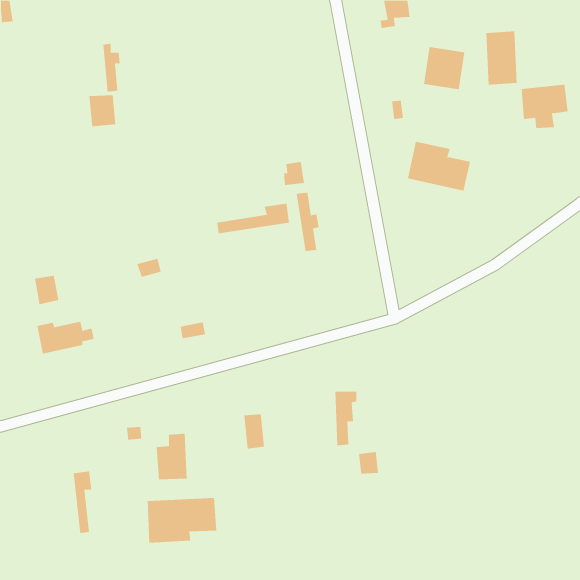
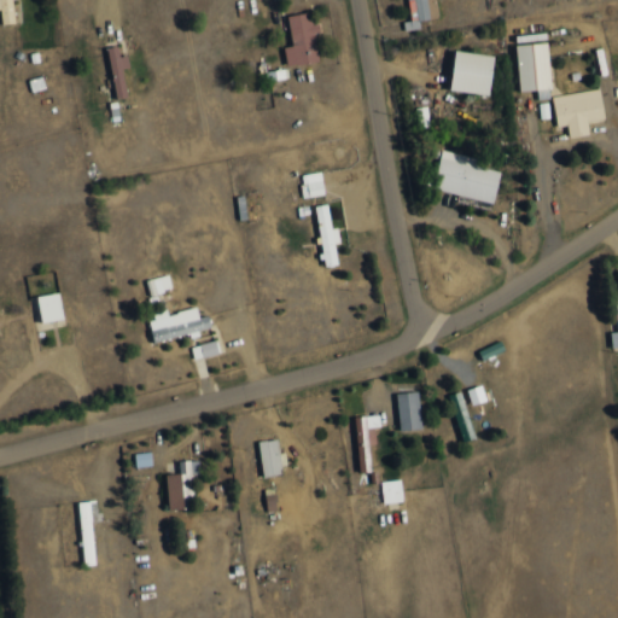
building: none -> [285,13,321,68]
building: [89,94,116,127] -> none
building: [216,203,290,234] -> none
building: [37,321,95,354] -> [150,309,211,344]
building: none -> [398,393,421,431]
building: [147,497,217,544] -> none

